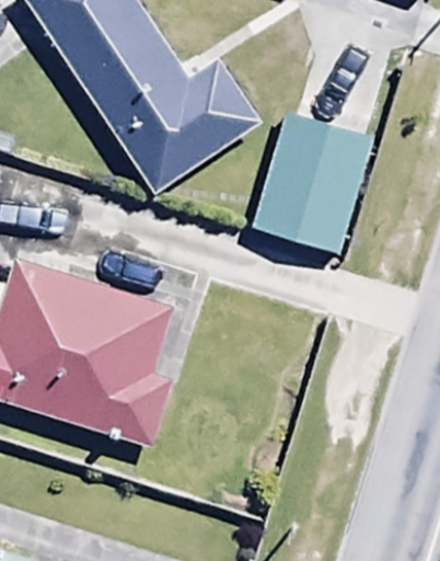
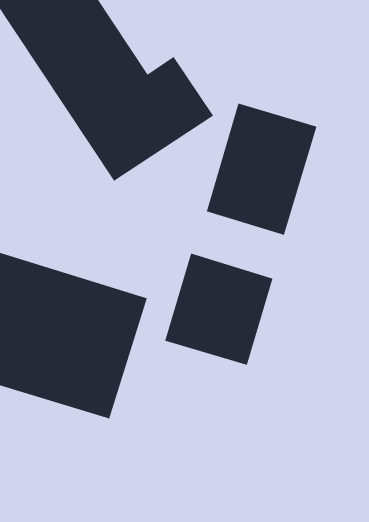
building: none -> [164,252,274,366]

